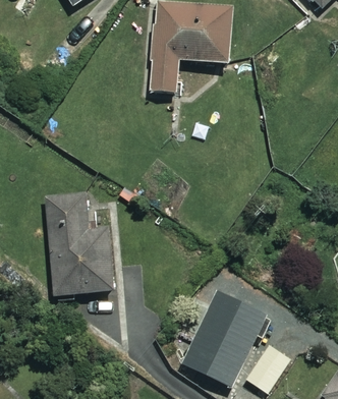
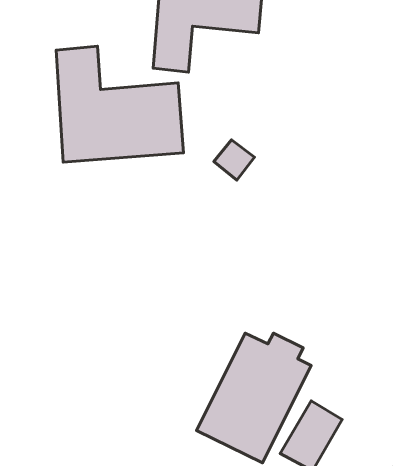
building: none -> [56,46,184,162]
building: [45,194,113,296] -> none

